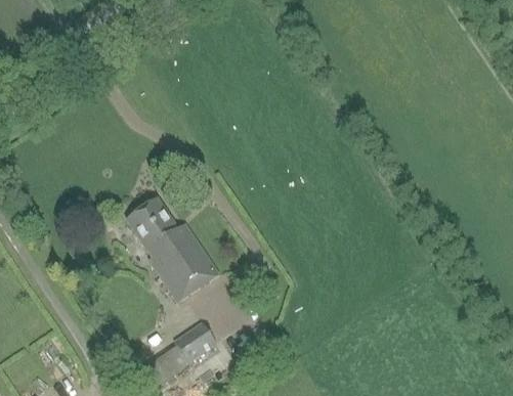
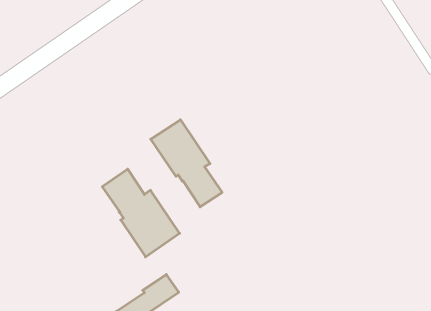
building: none -> [151,120,222,207]

